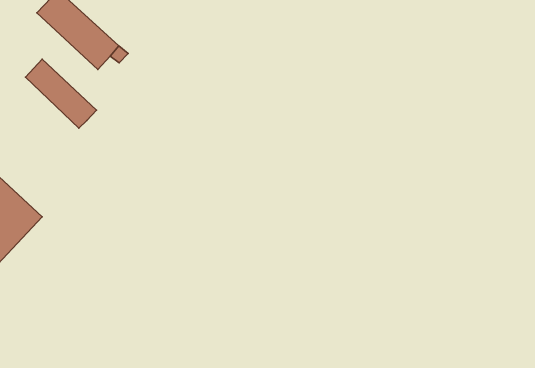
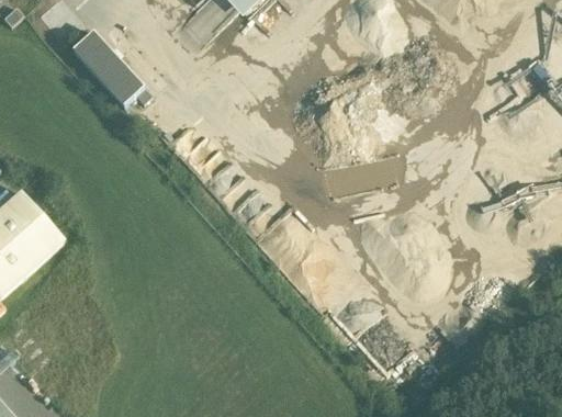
building: [25,59,97,128] -> none

